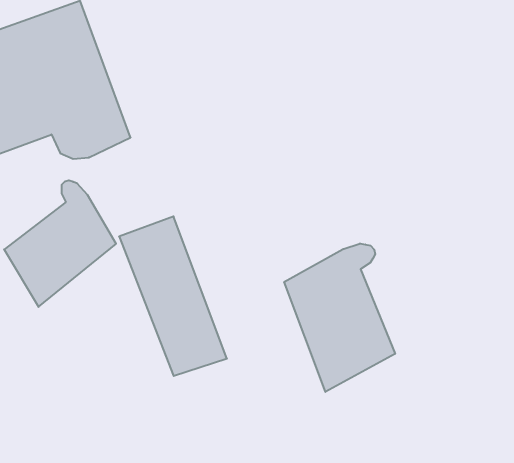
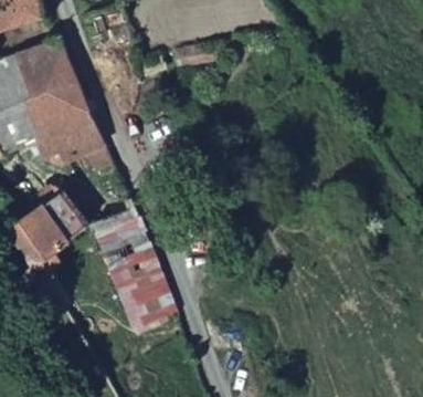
building: [284,243,395,392] -> none

